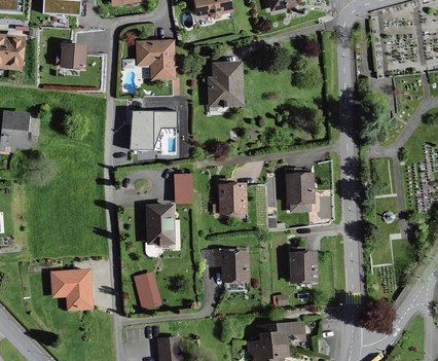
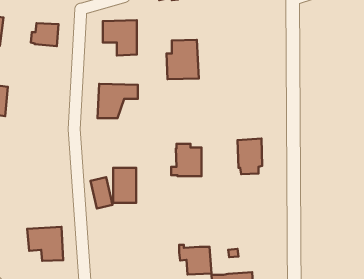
building: [174,174,191,203] -> none
building: [213,249,249,282] -> [179,245,211,274]
building: [289,251,316,283] -> none
building: [134,273,158,308] -> [90,177,112,209]

